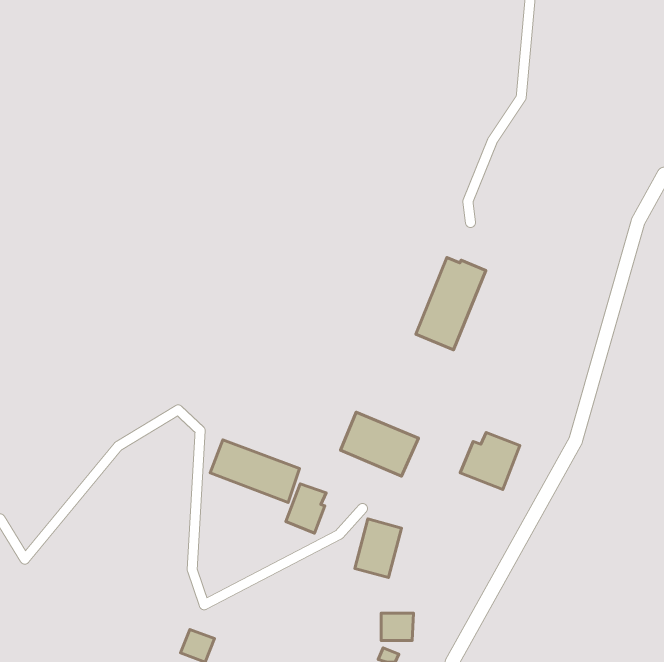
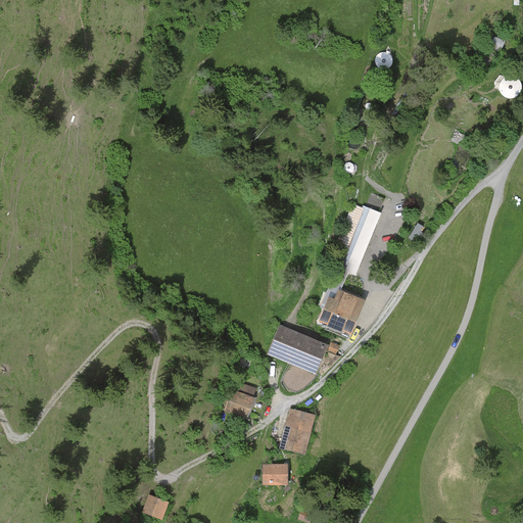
building: [460,432,520,490] -> [318,289,365,334]
building: [210,440,299,502] -> none
building: [381,613,414,640] -> [263,463,288,484]

